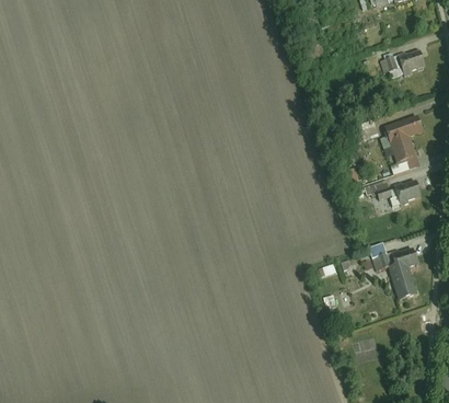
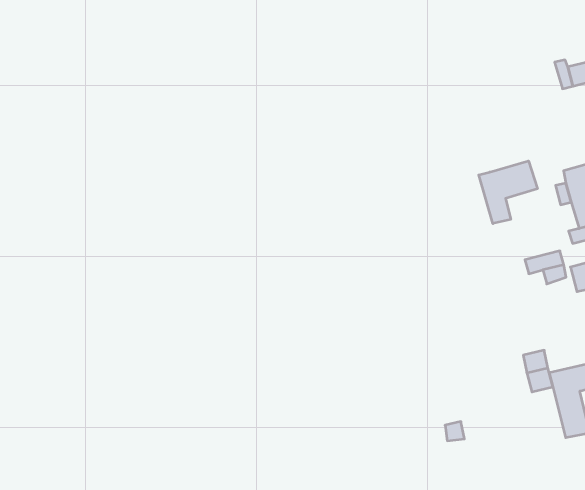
building: none -> [479,161,537,224]

